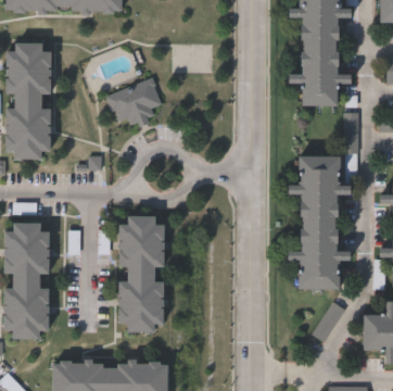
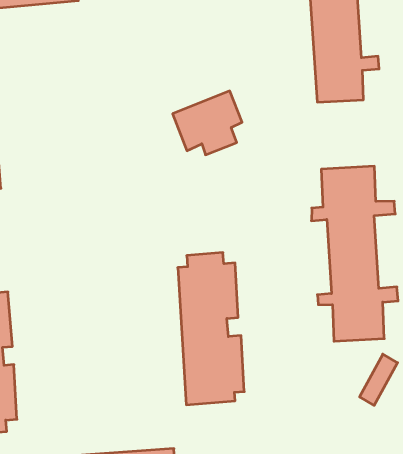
building: [109,78,162,126] -> [173,91,242,155]
building: [117,216,164,331] -> [178,253,244,405]

